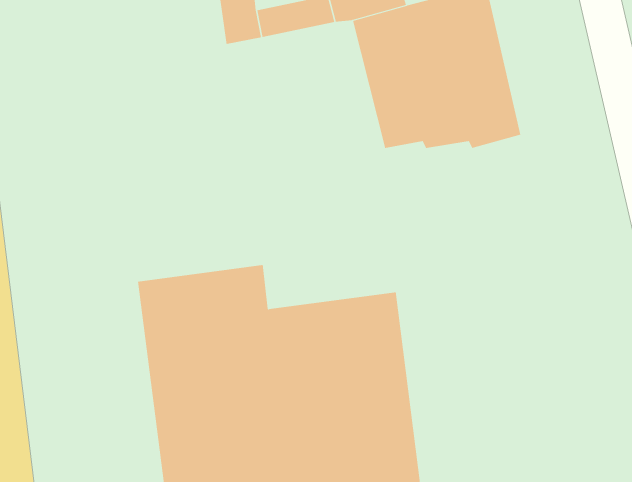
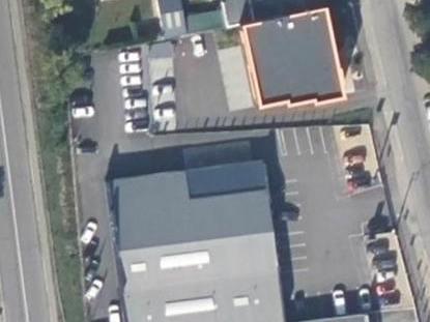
building: none -> [187,162,267,199]

